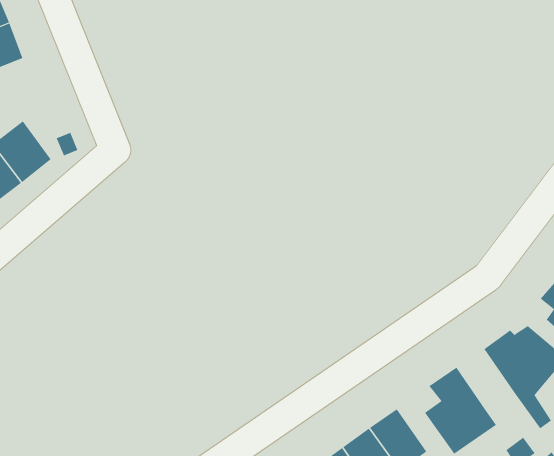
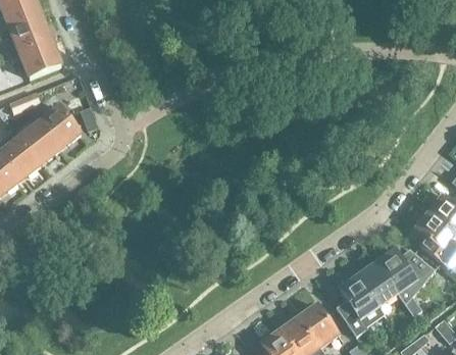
building: none -> [358,263,397,305]

